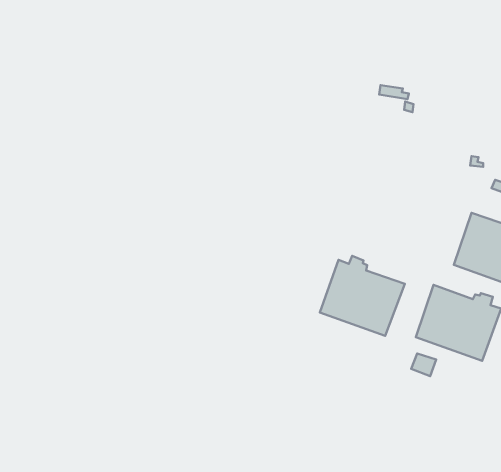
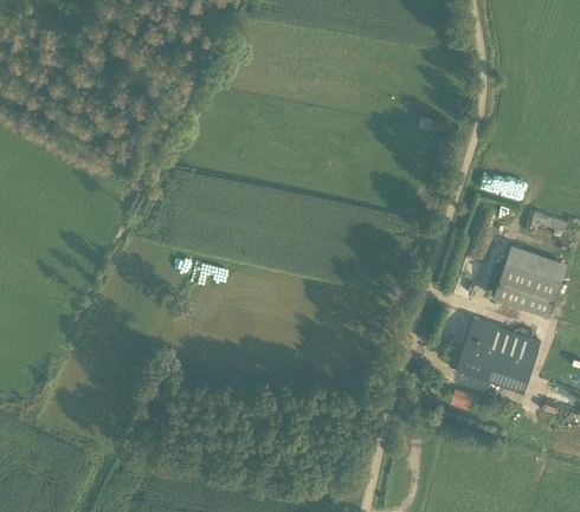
building: [320,256,405,336] -> none

